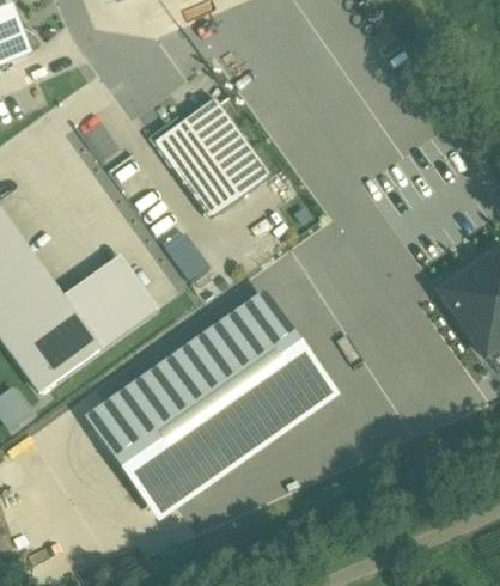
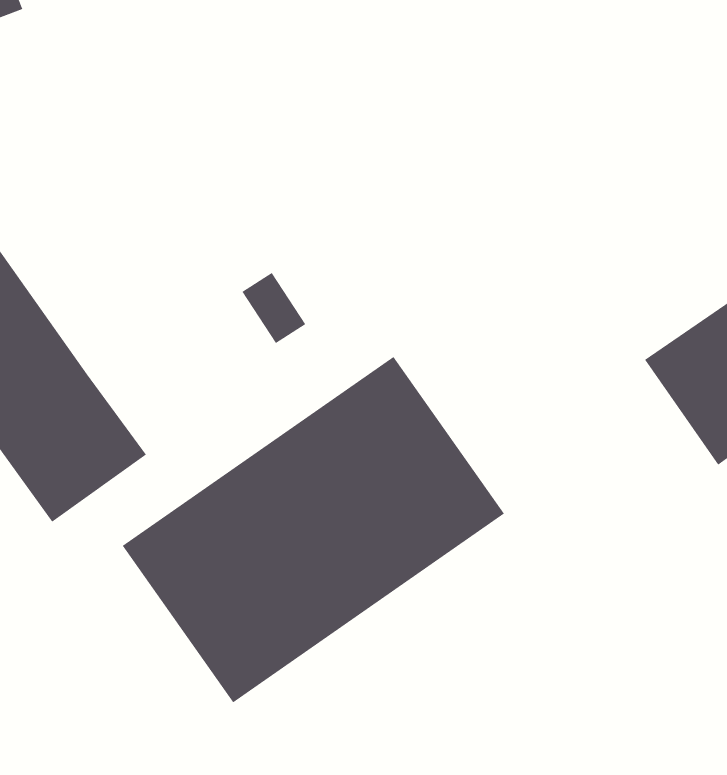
building: [154,99,267,218] -> none
building: [63,255,160,350] -> none

